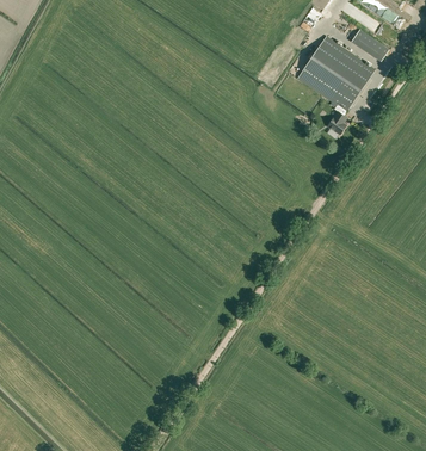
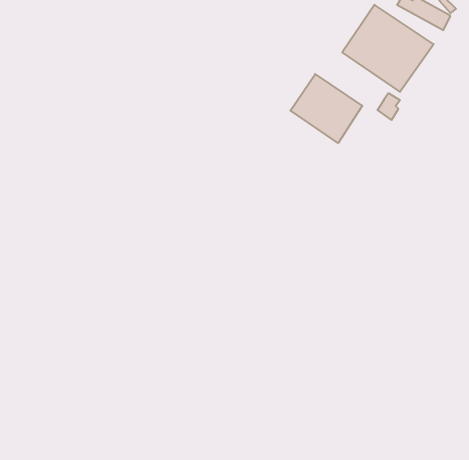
building: none -> [290,74,362,143]

